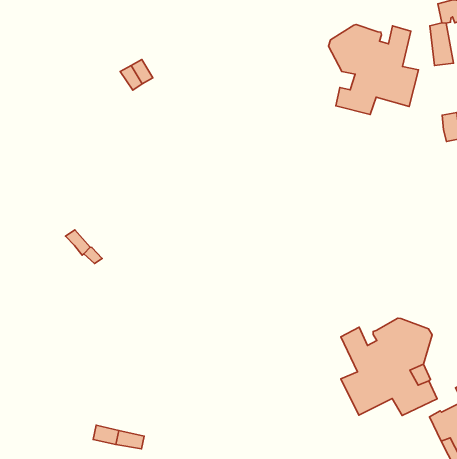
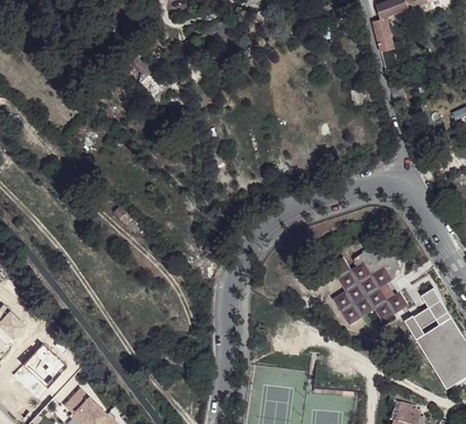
building: [328,25,419,115] -> none

